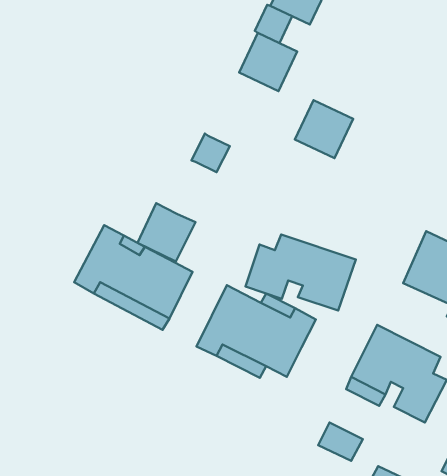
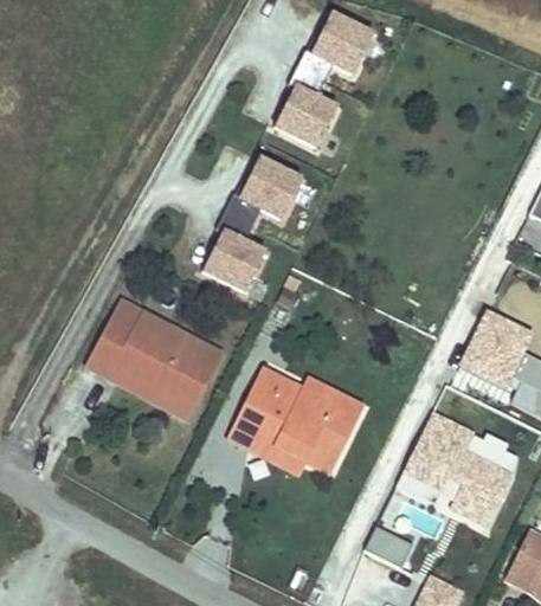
building: [295,100,353,158] -> [239,153,305,219]
building: [137,203,195,261] -> [204,227,270,294]
building: [246,234,356,310] -> none

